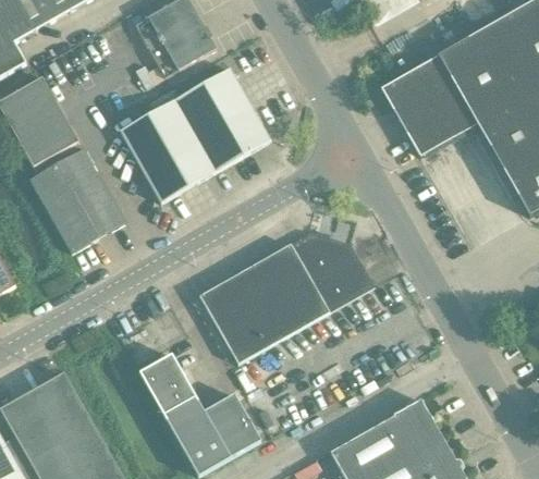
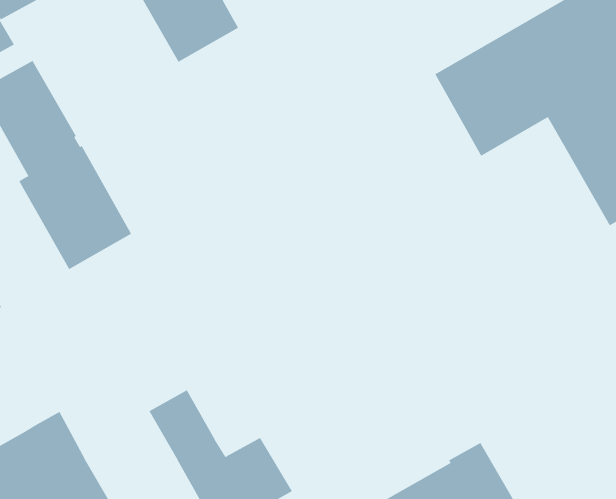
building: [120,67,271,202] -> none
building: [199,232,375,364] -> none

